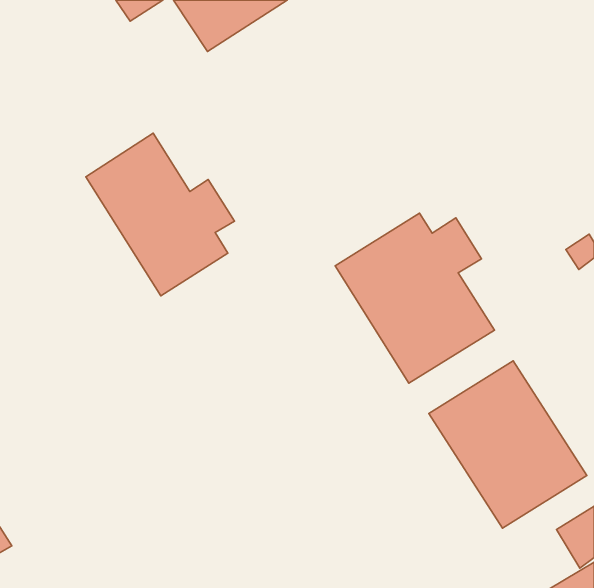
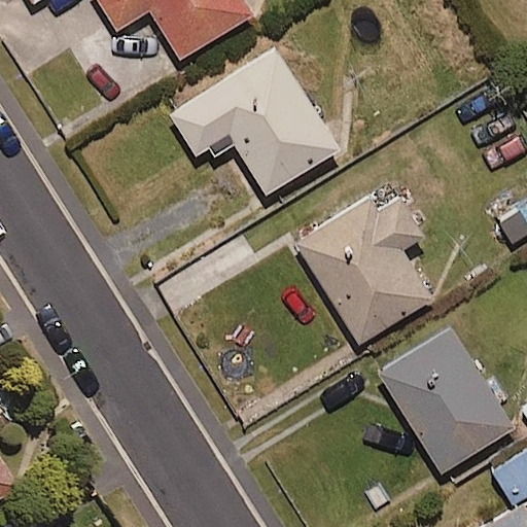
building: none -> [166,46,339,194]
building: [86,133,234,296] -> none

